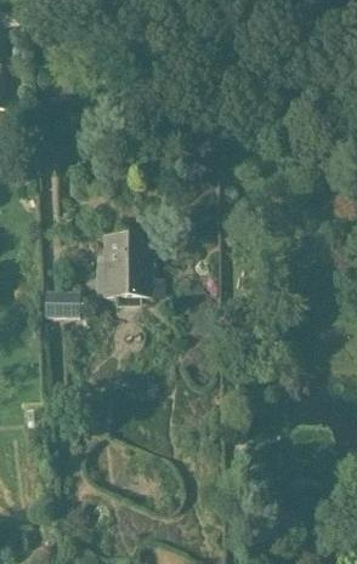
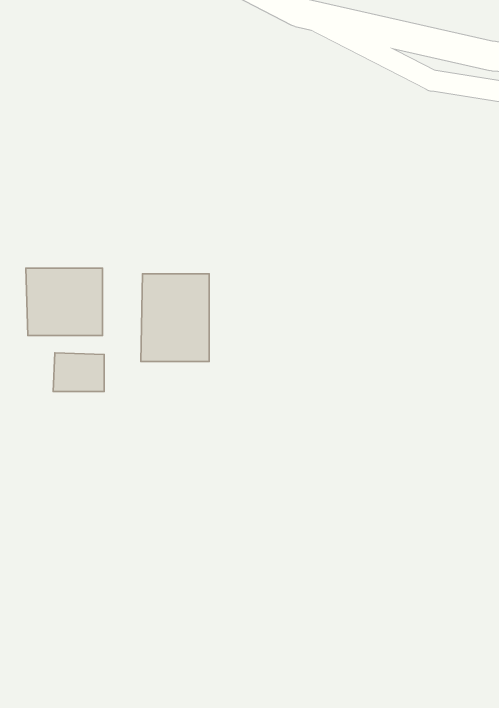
building: none -> [26,268,102,336]

